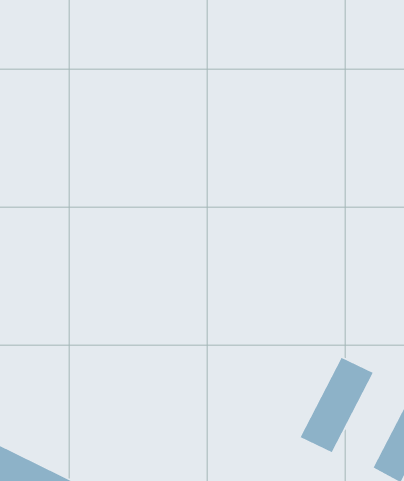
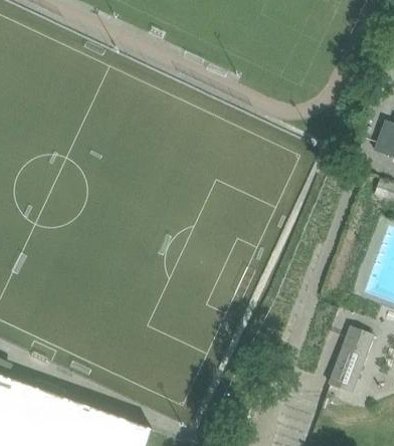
building: [300,357,374,453] -> none

